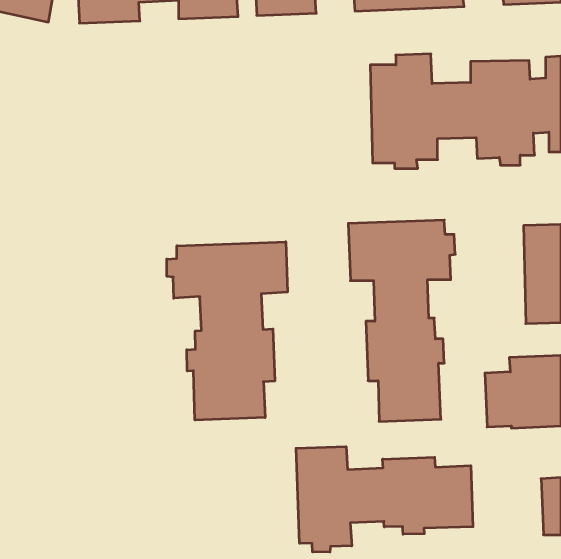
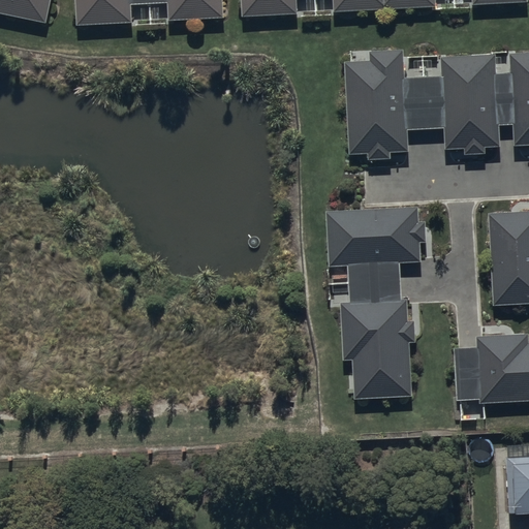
building: [167,242,287,420] -> none
building: [296,447,473,552] -> none

